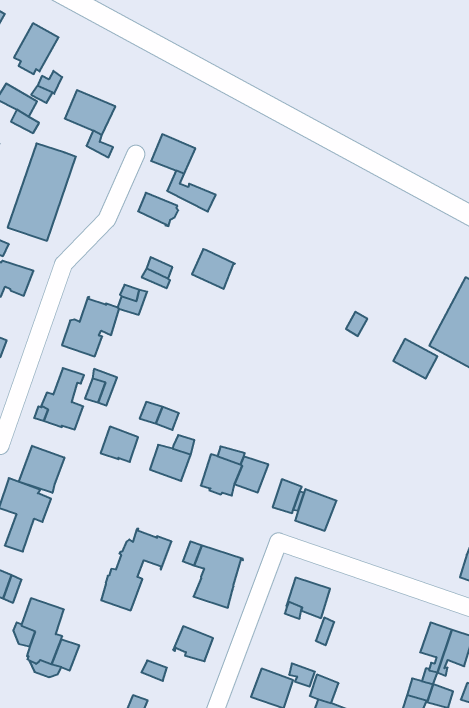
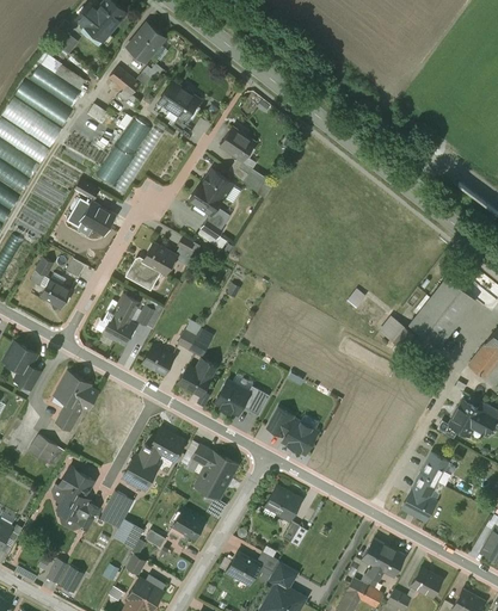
building: [192,249,235,289] -> [189,181,223,215]
building: [19,446,64,493] -> none
building: none -> [100,490,137,544]

